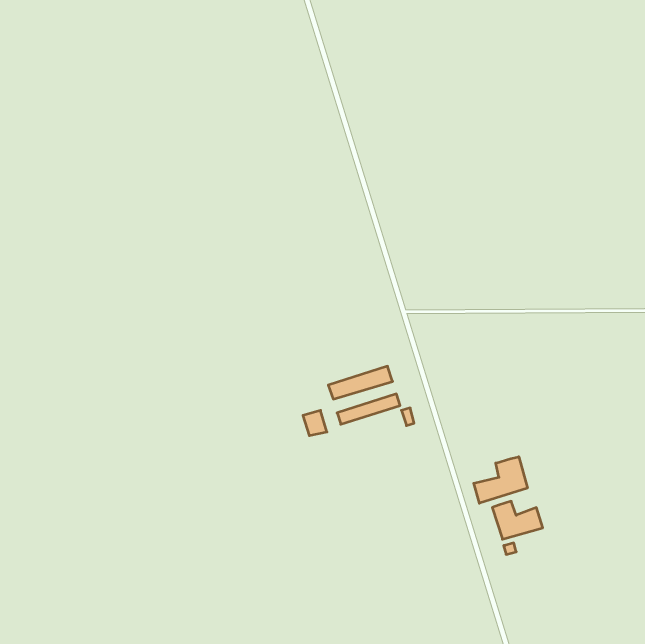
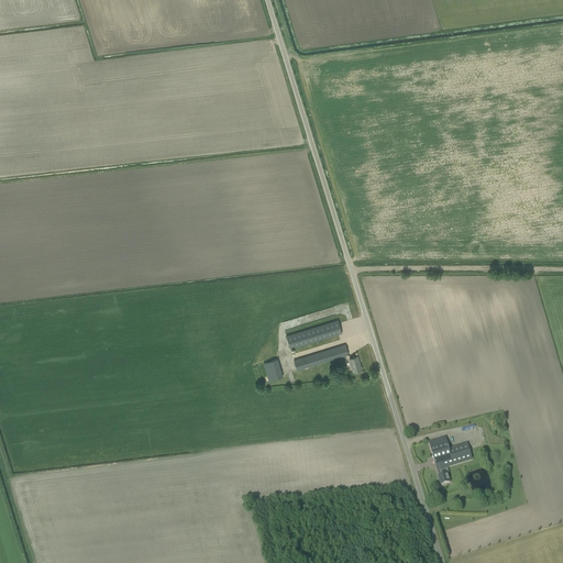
building: [474,457,527,503] -> none

